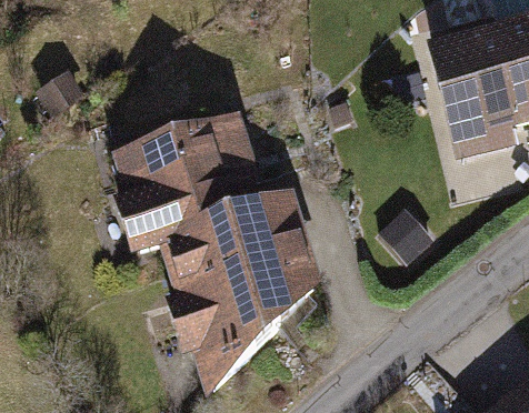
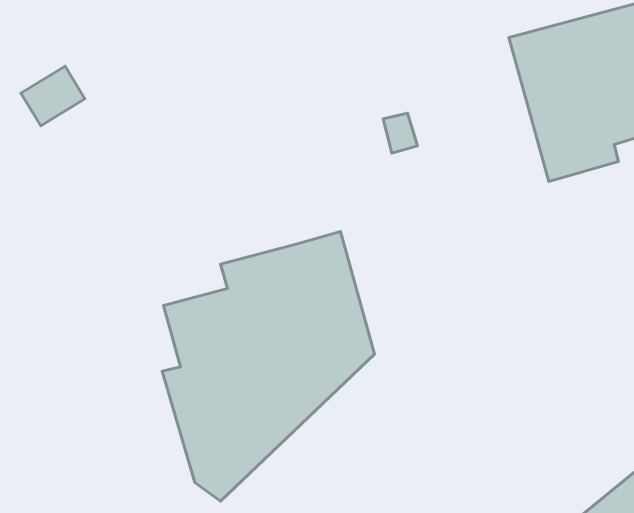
building: [106,108,262,256] -> none

